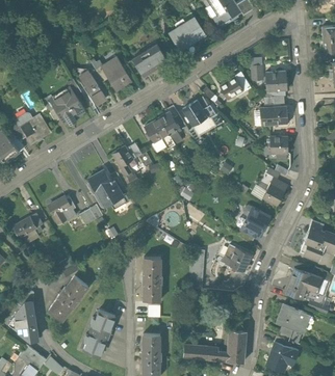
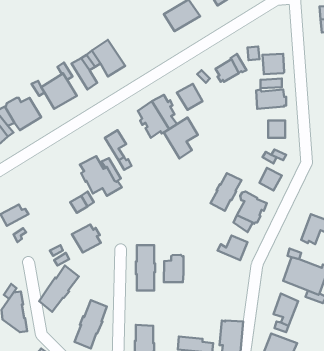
building: [132,46,168,77] -> none
building: none -> [164,118,198,158]
building: none -> [211,173,241,211]
building: [47,197,75,224] -> [72,224,101,252]
building: none -> [164,255,183,282]

